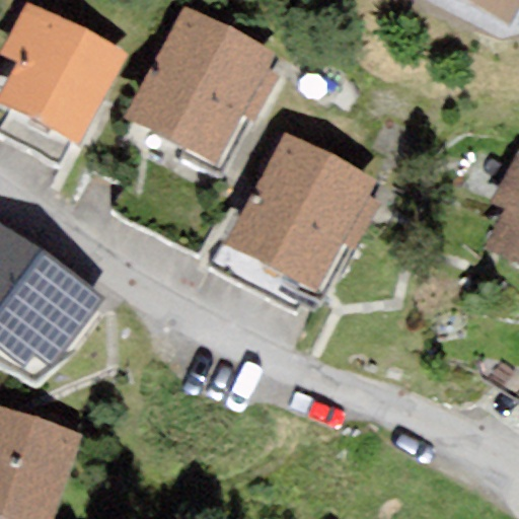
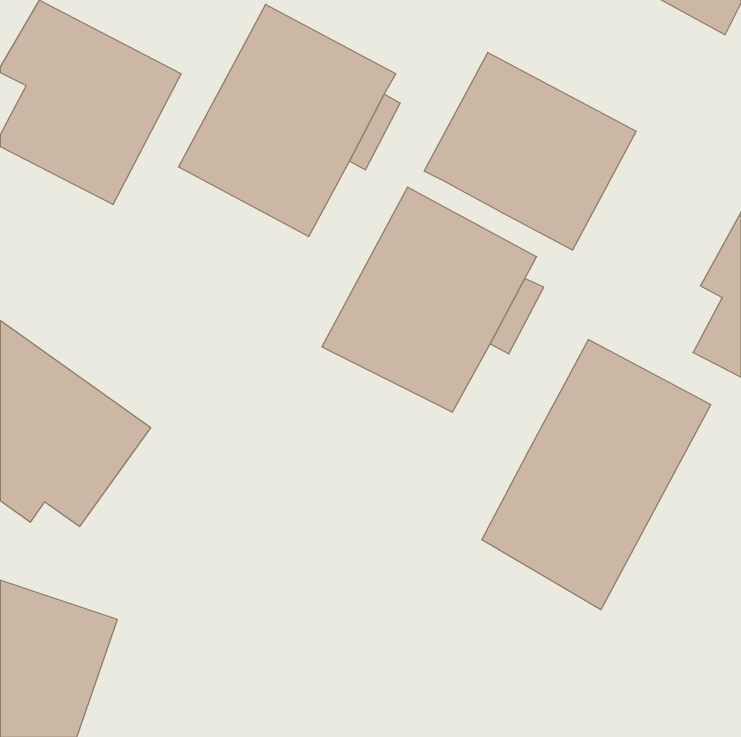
building: none -> [424,52,636,250]
building: none -> [482,339,711,610]

